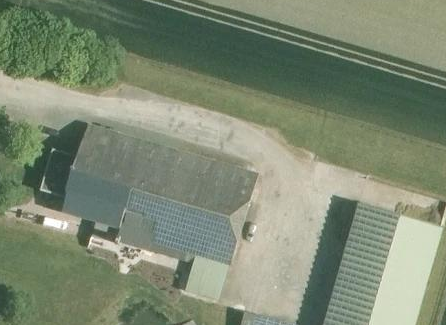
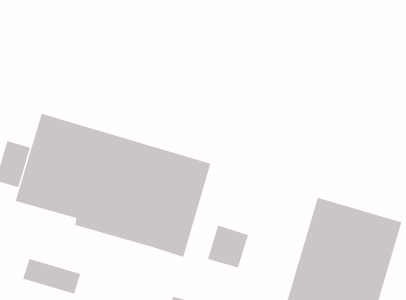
building: [185,256,226,299] -> [207,225,249,268]
building: none -> [23,258,81,295]

